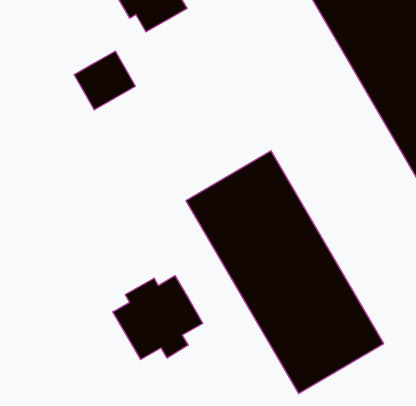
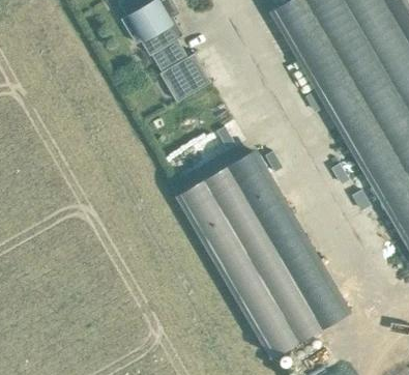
building: [74,51,135,110] -> [158,54,209,103]
building: [113,276,203,360] -> none

